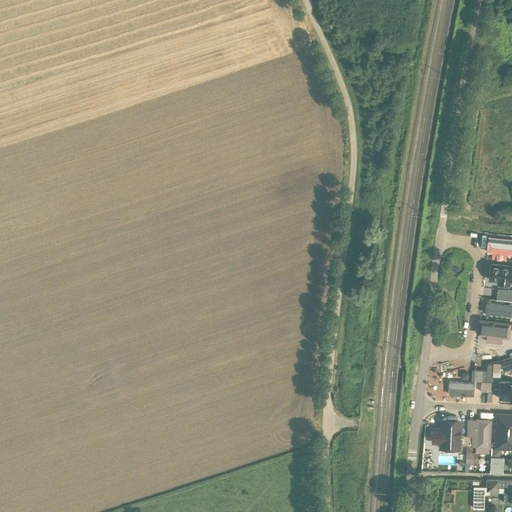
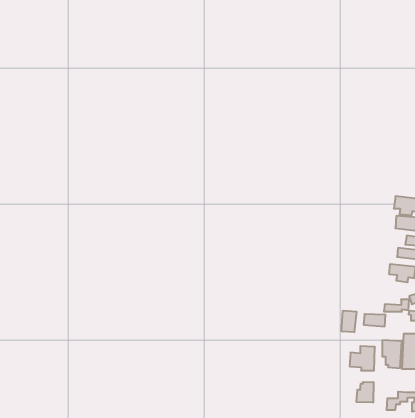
building: none -> [342,311,357,332]
building: none -> [356,382,373,403]

